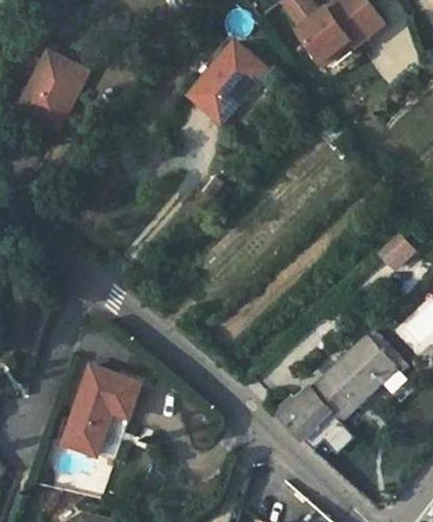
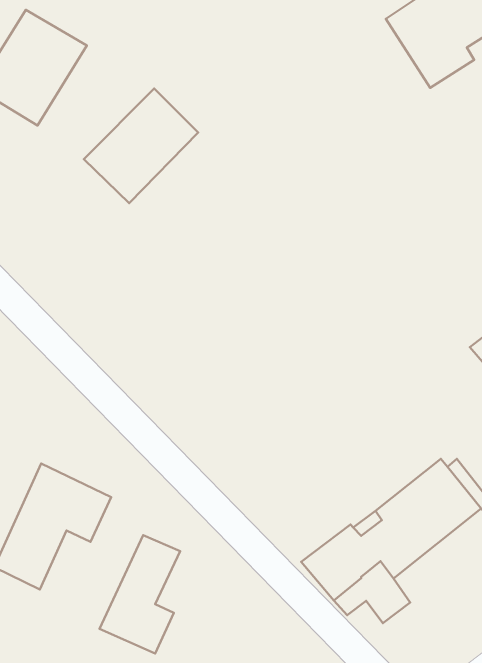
building: [189,40,267,122] -> [84,88,198,203]
building: none -> [99,535,180,653]

